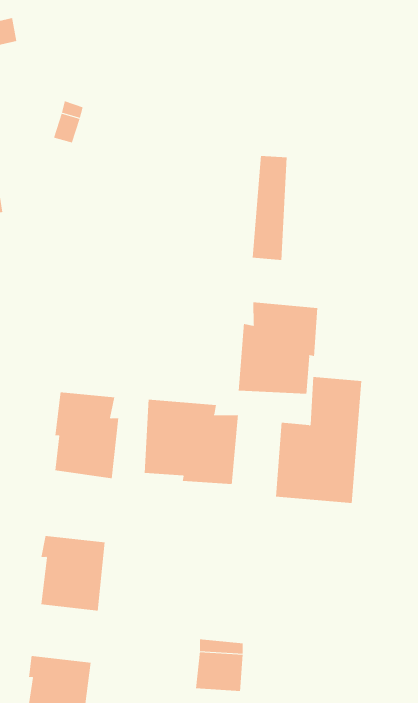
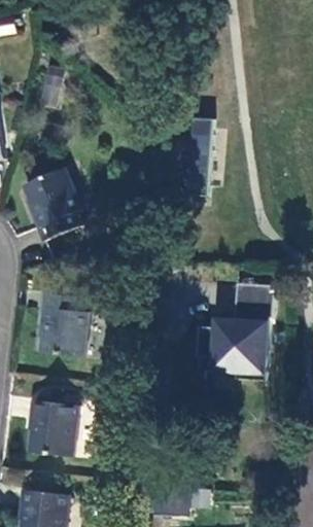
building: none -> [25,168,82,240]
building: [238,302,318,395] -> none
building: [144,399,238,485] -> none

